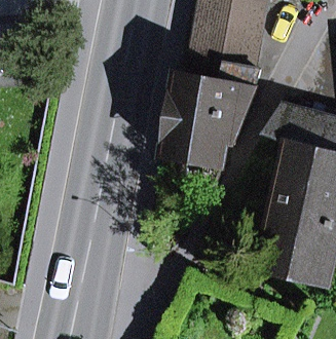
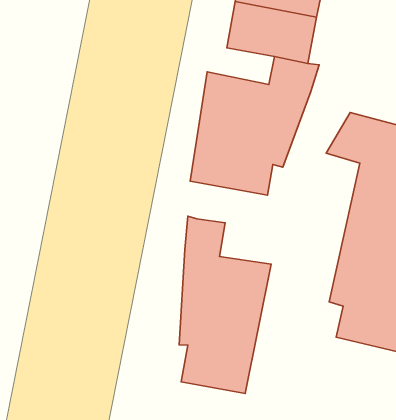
building: none -> [179,216,271,394]

